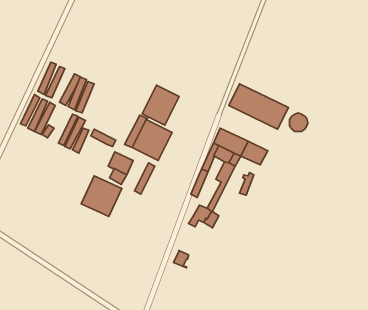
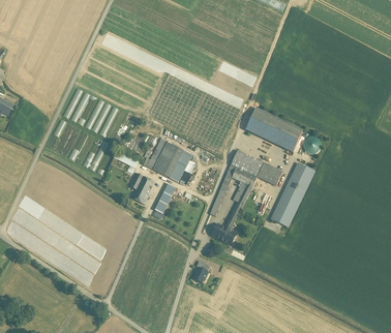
building: [142,85,179,125] -> none
building: none -> [270,162,314,226]
building: [81,176,122,217] -> none

